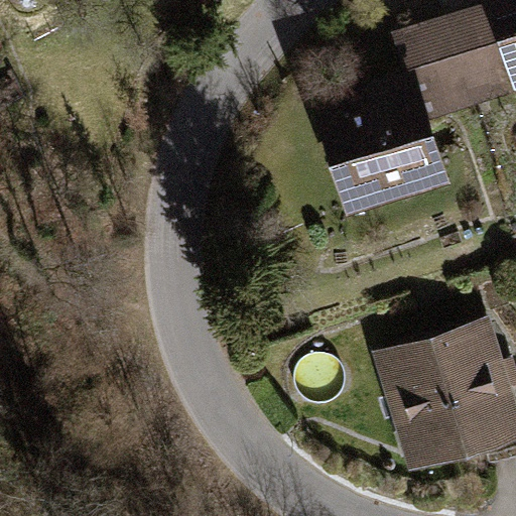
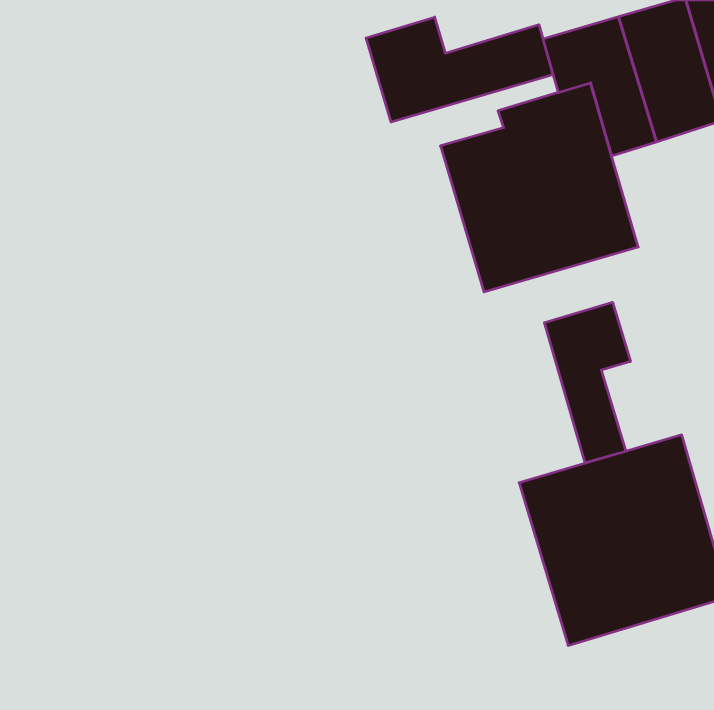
building: none -> [366,17,553,122]
building: none -> [544,302,630,463]

